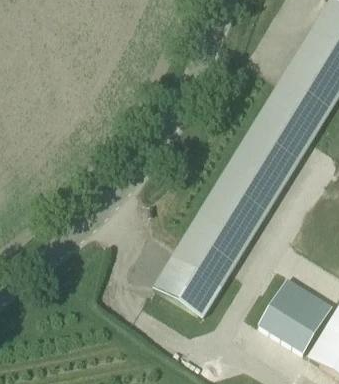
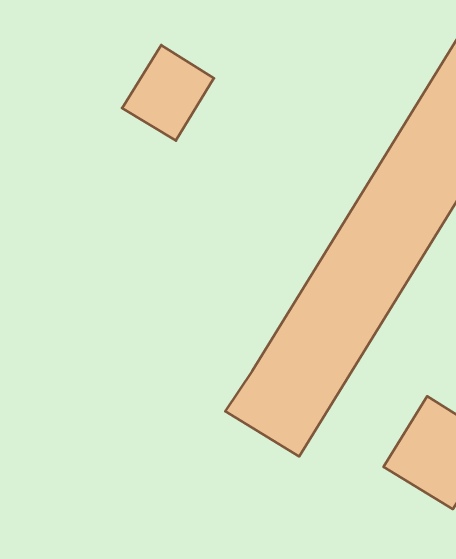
building: none -> [122,45,214,141]

